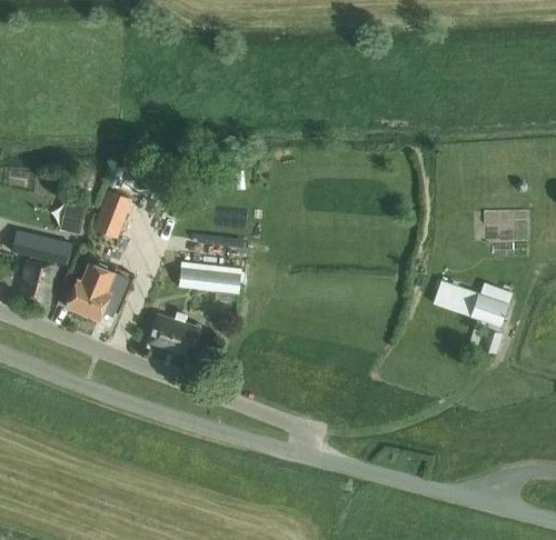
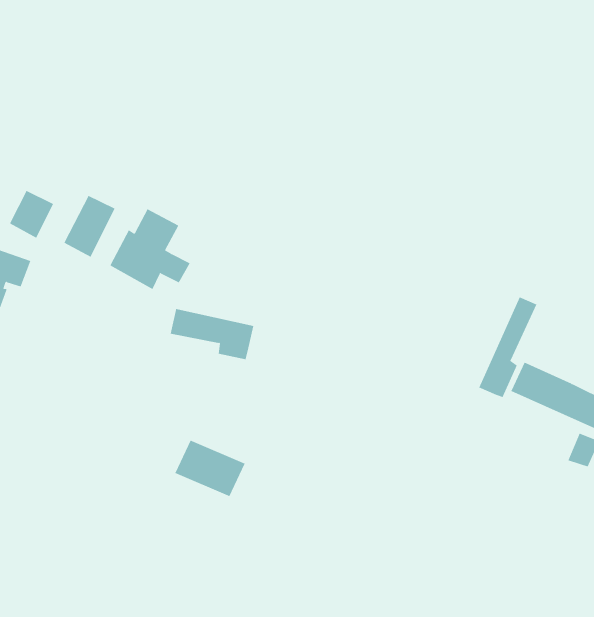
building: none -> [478,296,537,398]
building: [67,261,126,320] -> [110,209,190,290]
building: [149,316,200,354] -> [175,440,245,497]

